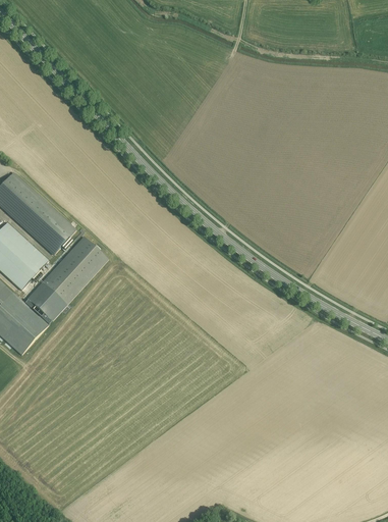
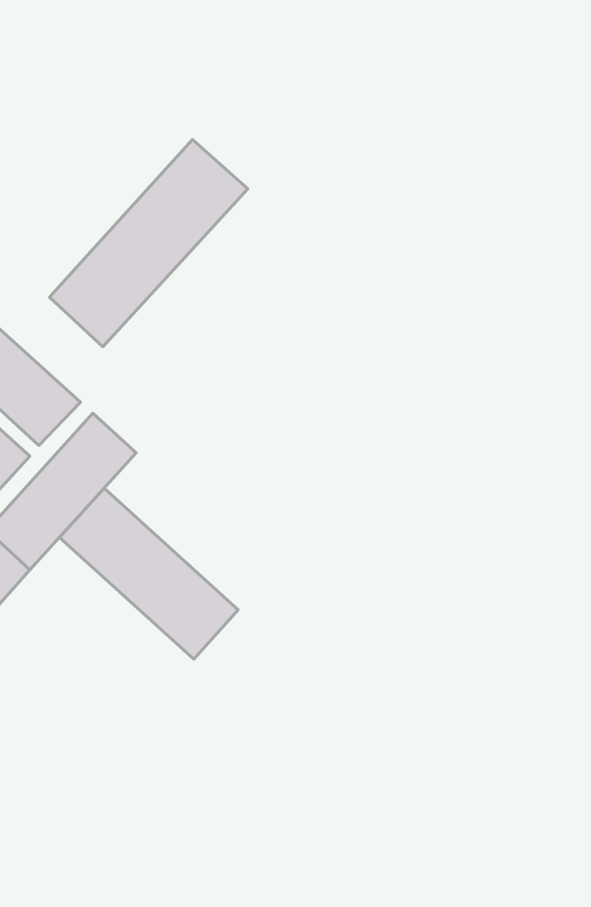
building: none -> [49,139,248,347]
building: none -> [60,488,238,659]

